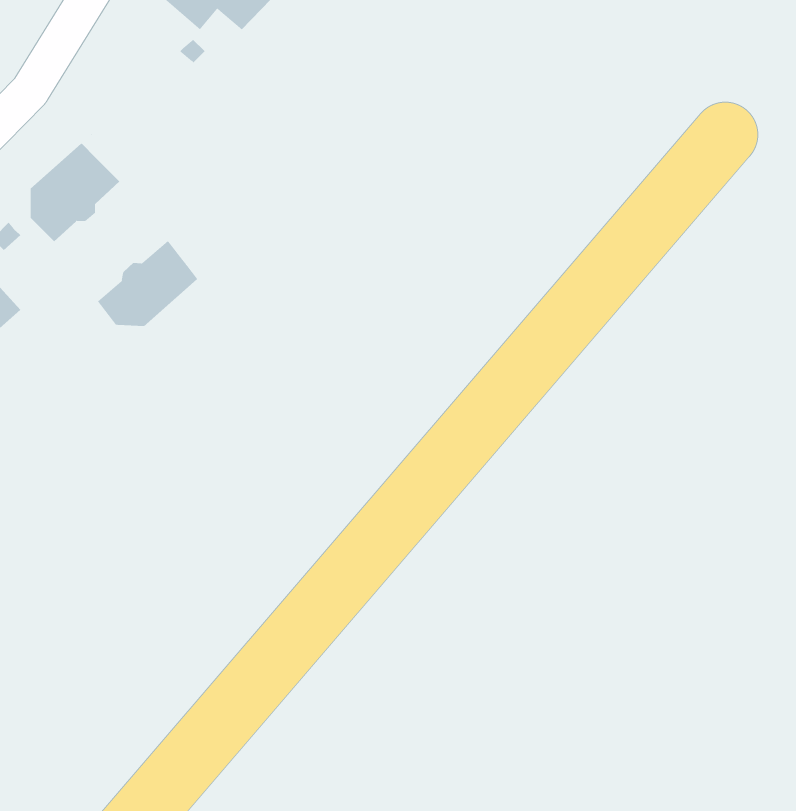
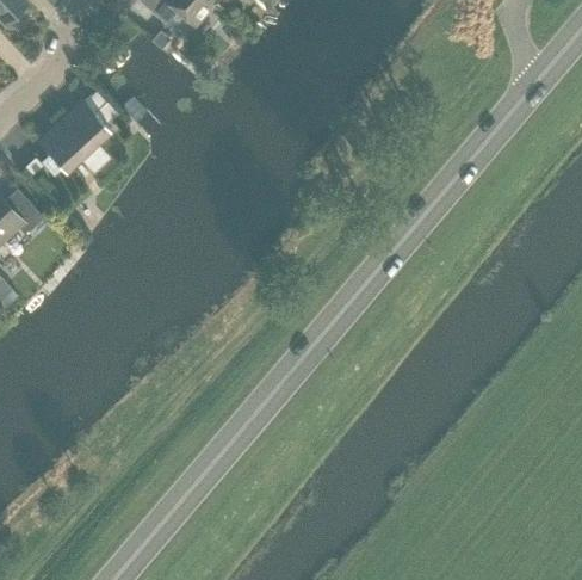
building: [97,240,210,327] -> none

